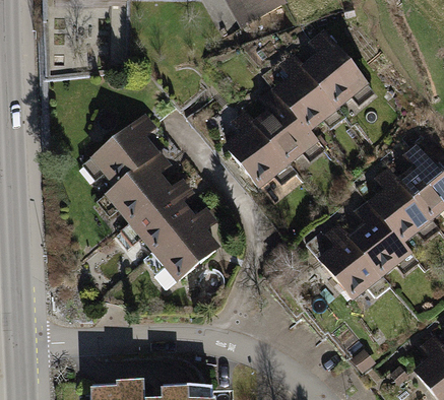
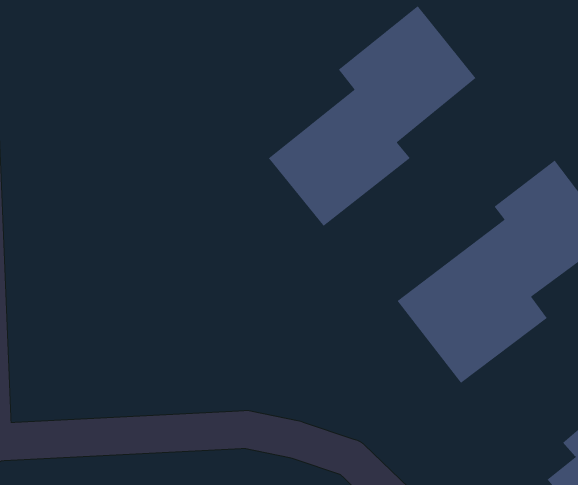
building: [82,109,216,276] -> none

